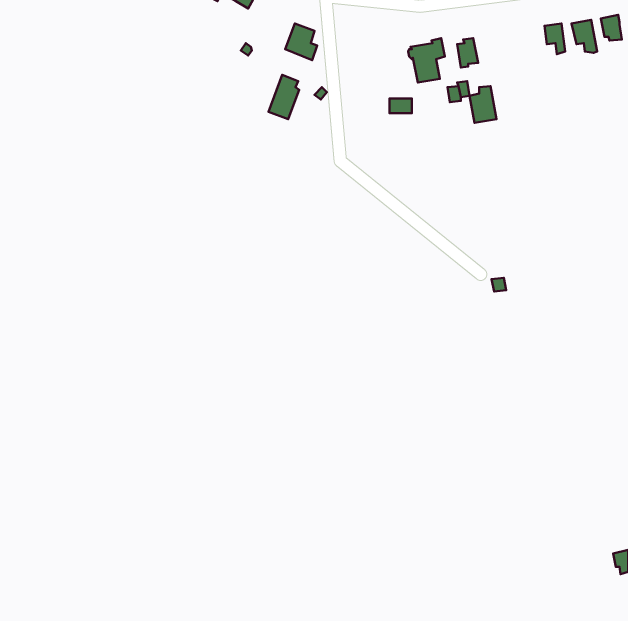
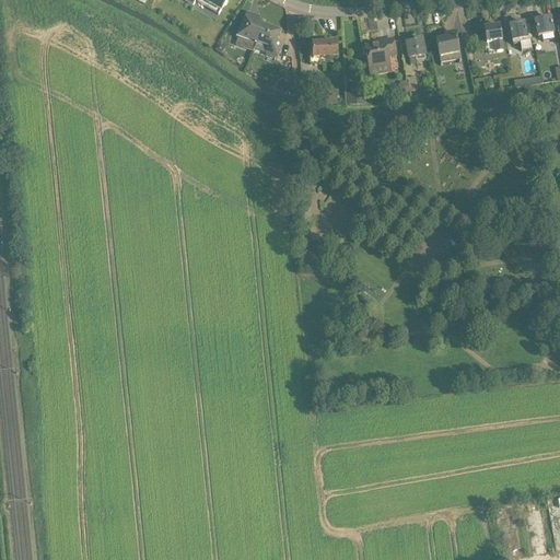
building: none -> [310,37,338,60]
building: [269,75,299,119] -> [235,8,262,47]
building: [469,86,497,123] -> [436,27,460,60]

